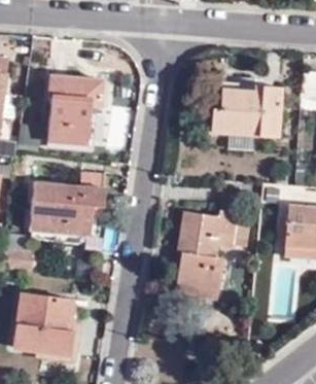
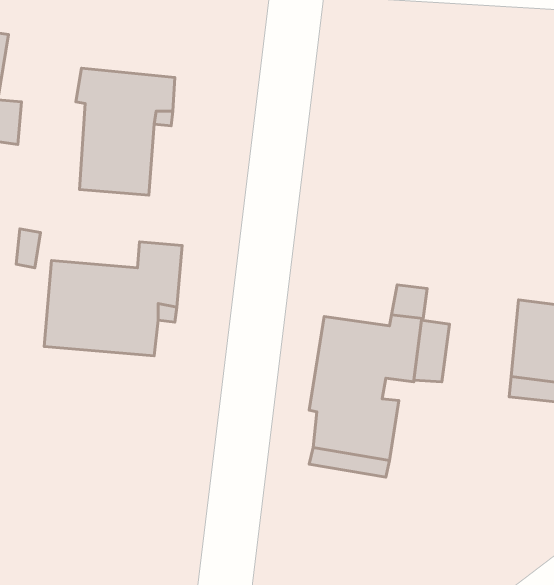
building: [212,85,283,139] -> none
building: [15,291,72,355] -> none

